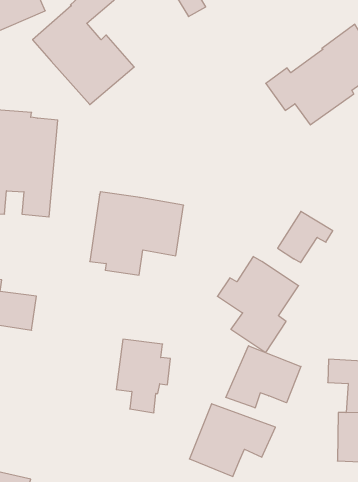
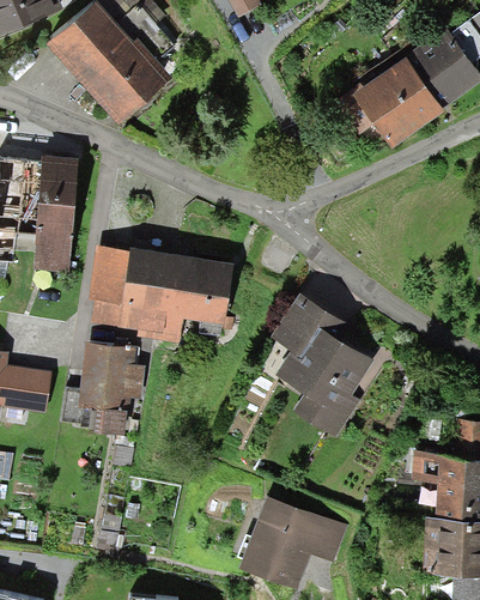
building: none -> [89,238,129,326]
building: [278,211,333,263] -> [271,287,339,351]
building: [116,339,170,413] -> [78,339,145,430]
building: [226,346,301,408] -> none

